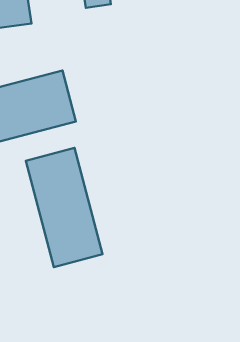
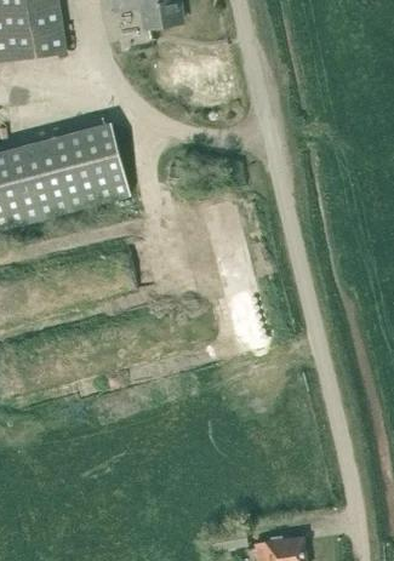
building: [26,148,102,267] -> none

